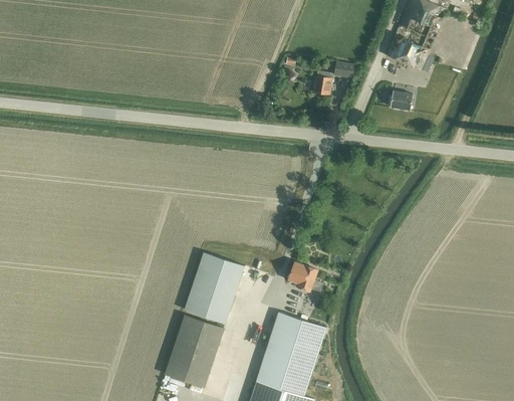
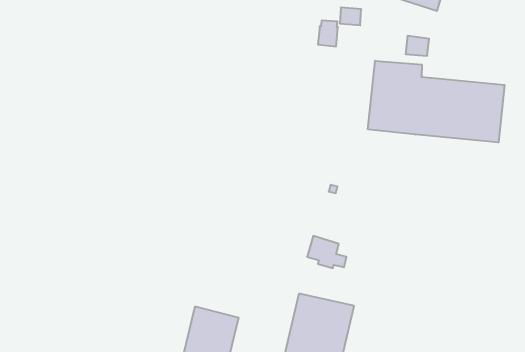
building: none -> [368,61,505,143]
building: [185,252,244,323] -> none

